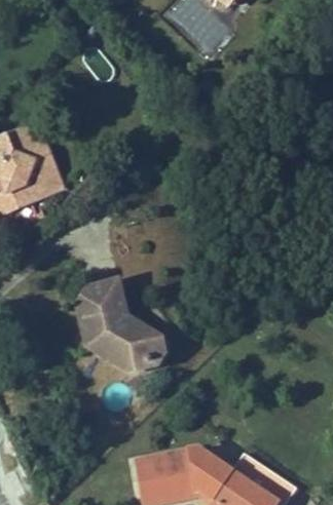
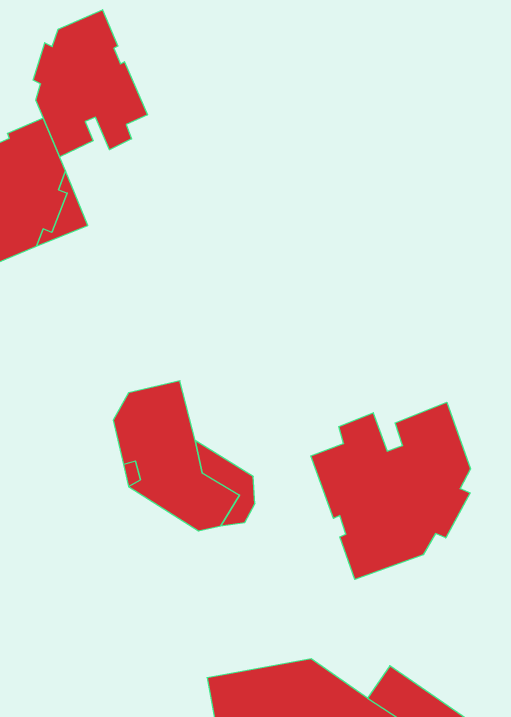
building: none -> [33,10,147,157]
building: none -> [311,402,471,579]

